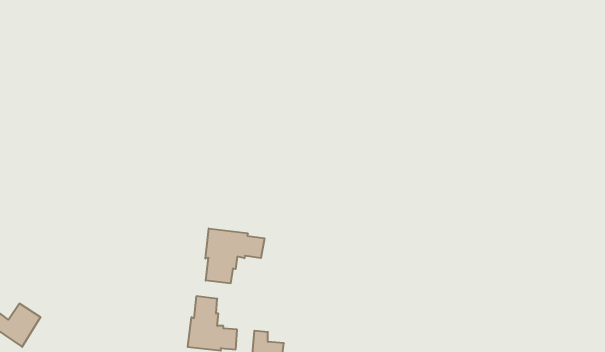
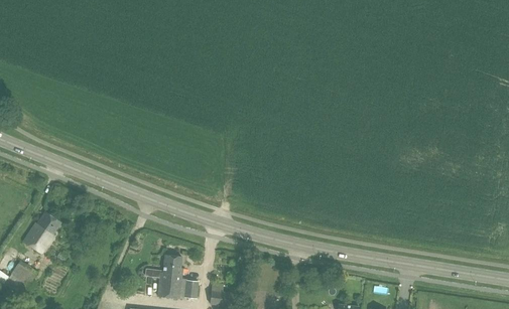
building: [205,228,264,283] -> none
building: none -> [23,211,60,253]

